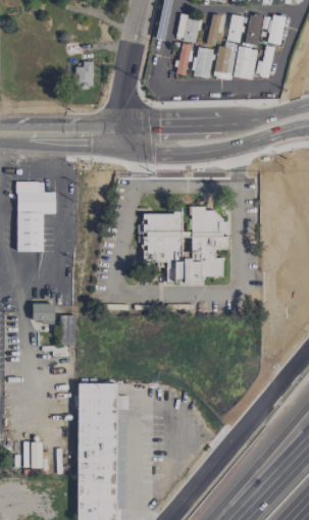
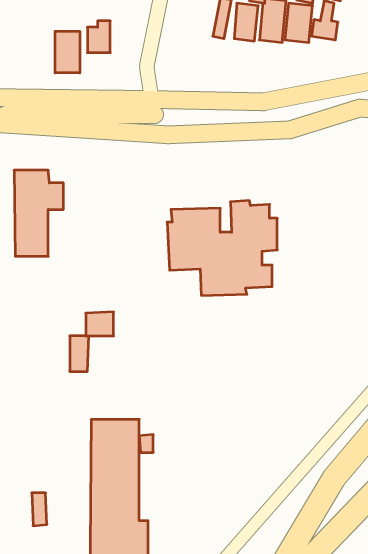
building: none -> [55,31,80,73]
building: [33,303,55,322] -> [86,312,114,336]

